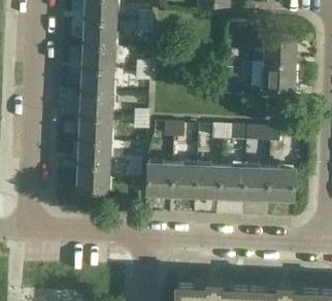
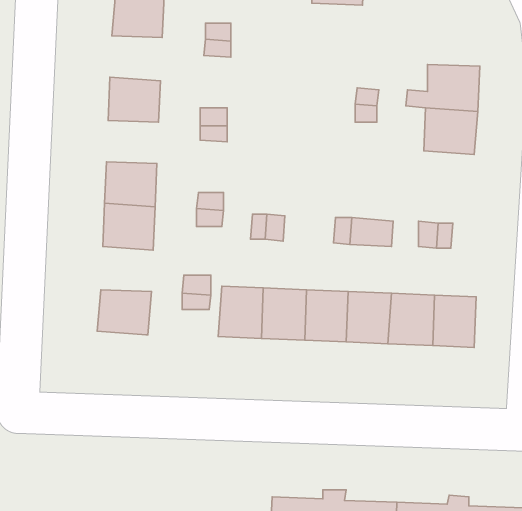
building: [85,23,114,48] -> none
building: [82,71,112,96] -> none
building: [79,143,109,169] -> none

